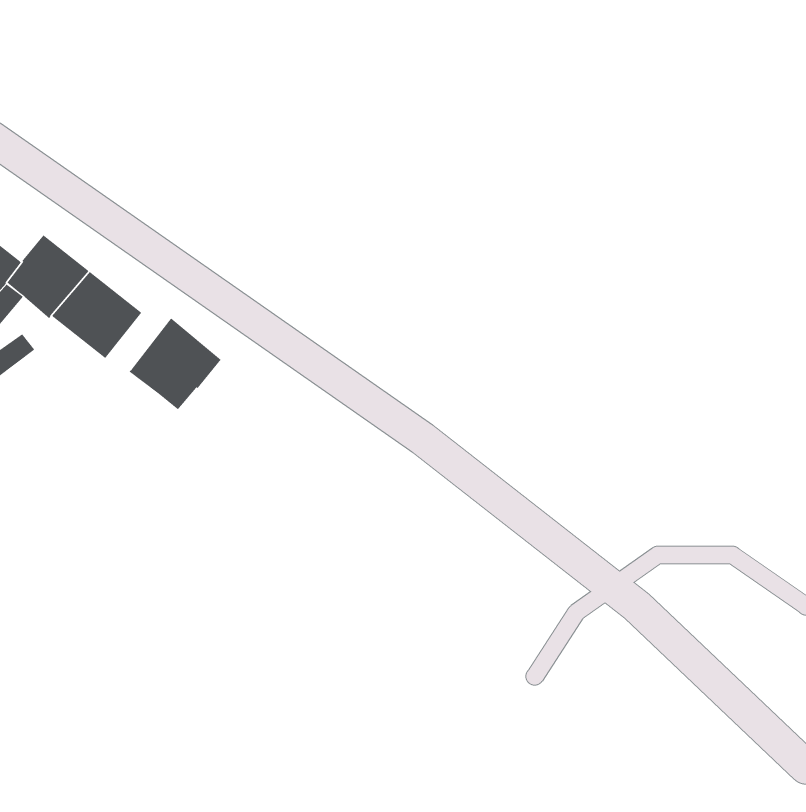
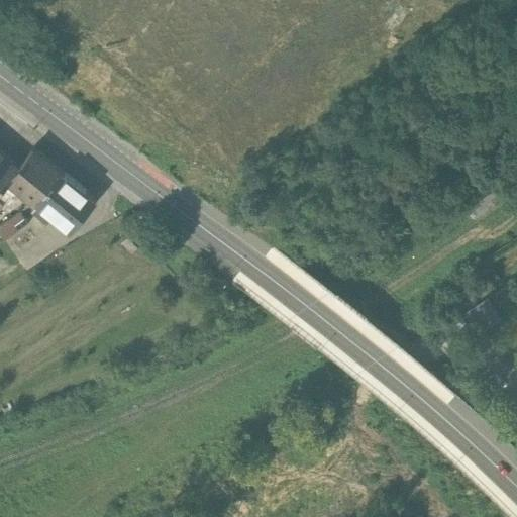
building: [128,318,221,410] -> none

